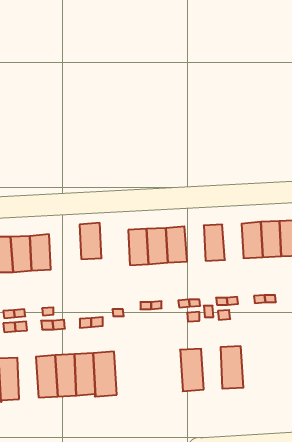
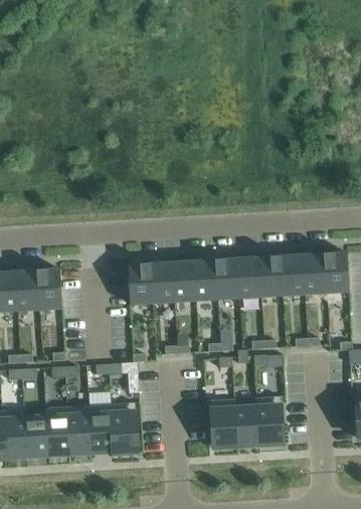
building: [80,223,102,259] -> [128,264,153,305]
building: none -> [258,257,283,298]
building: none -> [215,259,239,300]
building: none -> [234,397,258,446]
building: none -> [24,408,48,457]

